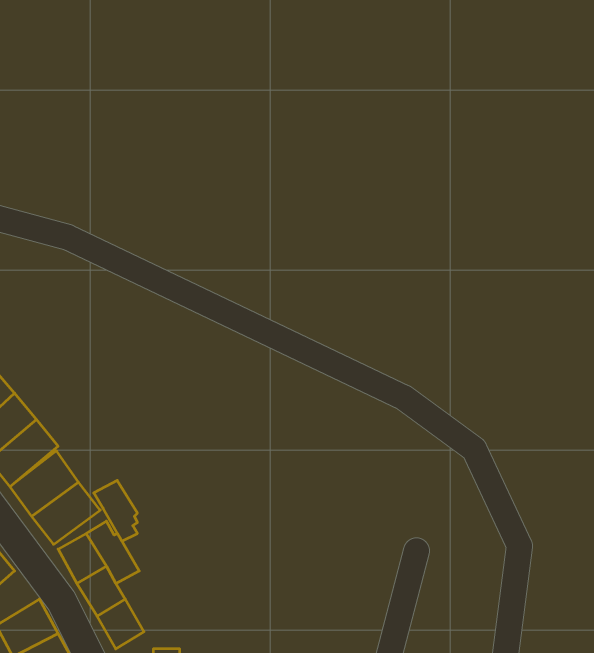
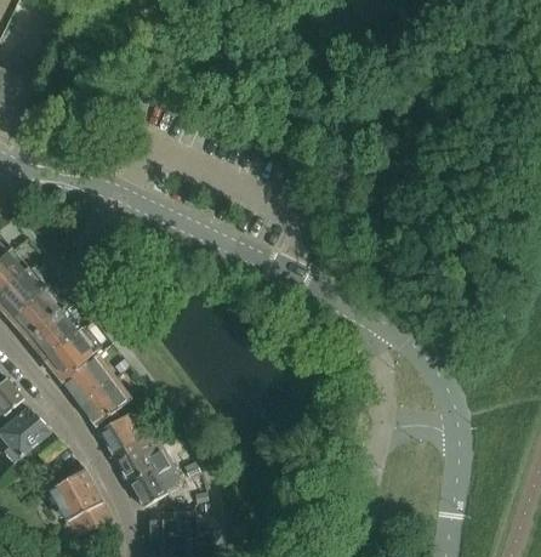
building: [94,480,137,541] -> [142,445,176,493]

